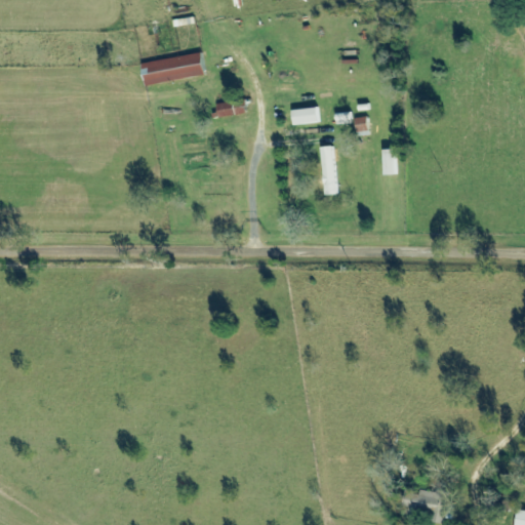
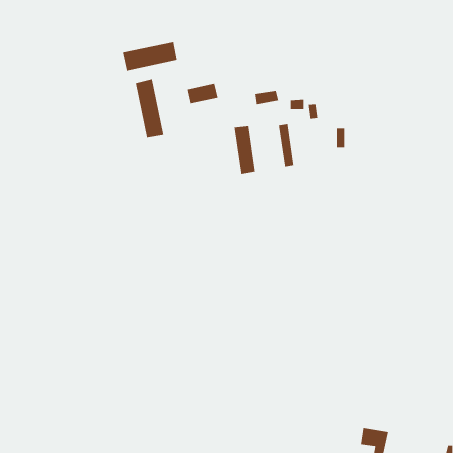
building: none -> [135,79,164,138]
building: none -> [234,125,256,175]

